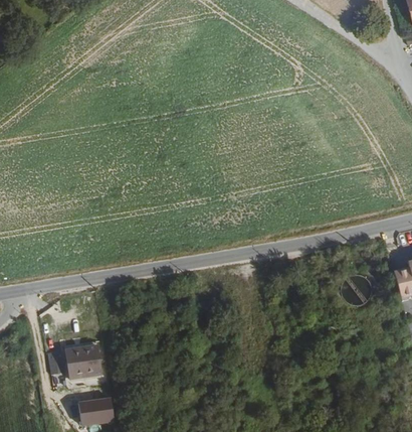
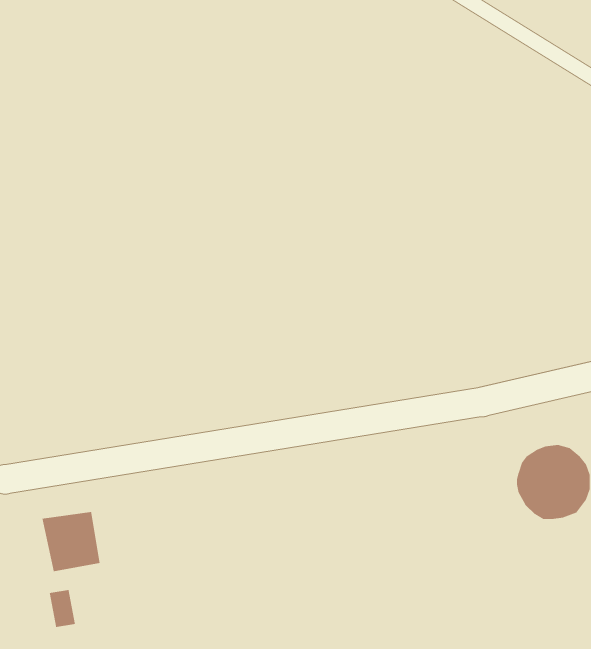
building: [69,346,105,383] -> [41,511,100,572]

